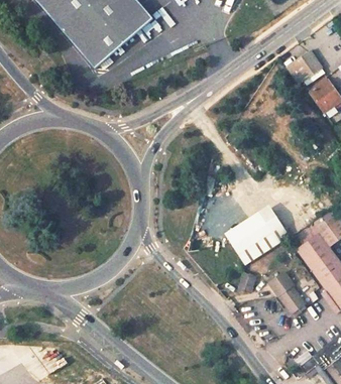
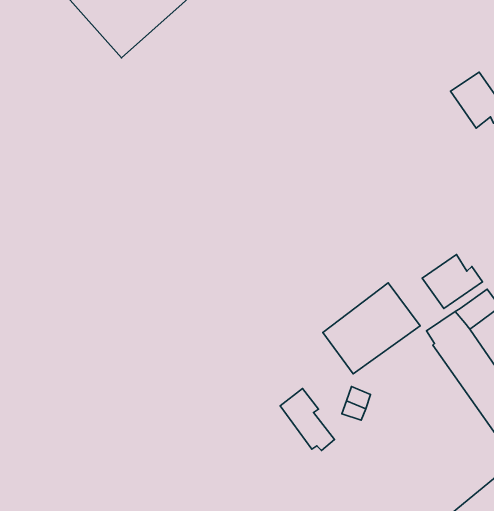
building: [286,50,321,84] -> none
building: none -> [422,255,483,309]
building: [267,276,302,315] -> [280,388,334,451]

